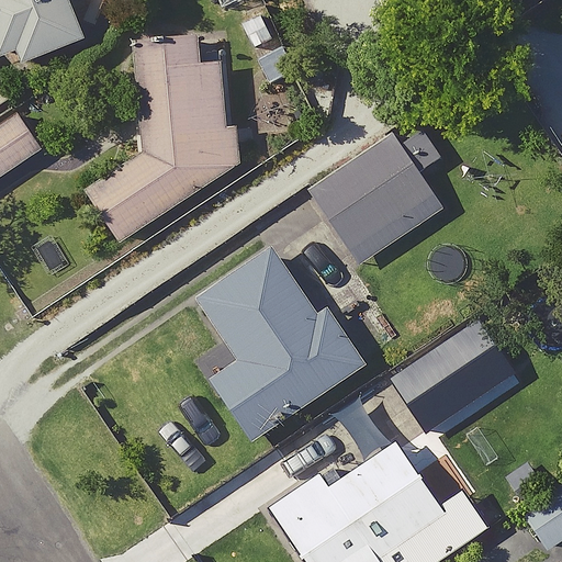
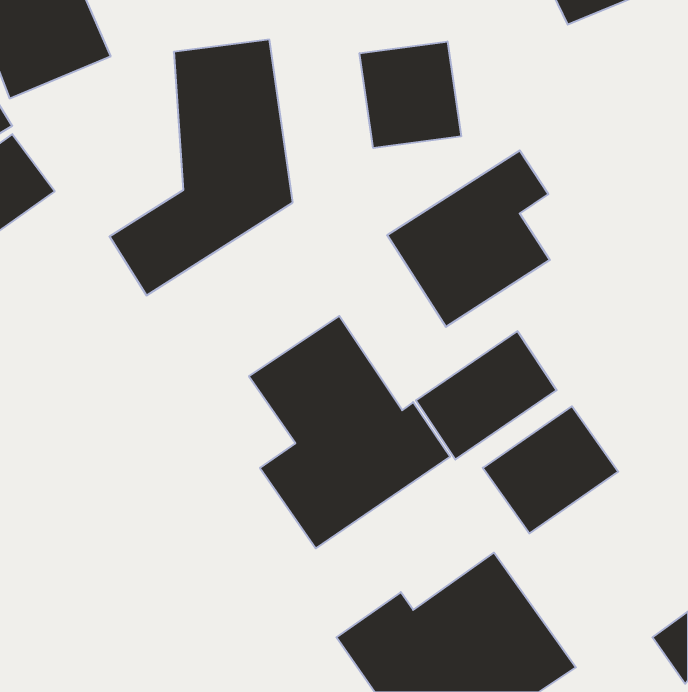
building: none -> [360,41,461,148]
building: none -> [416,331,557,460]

